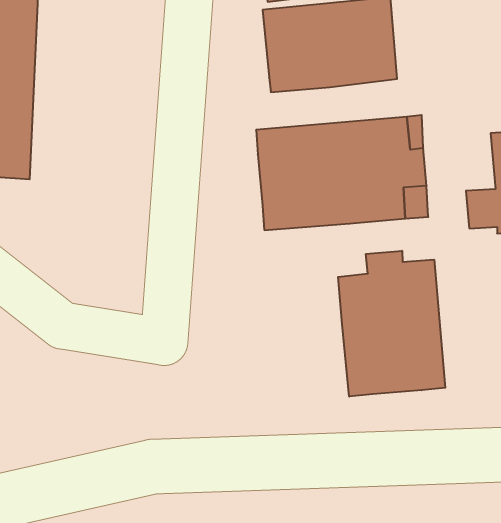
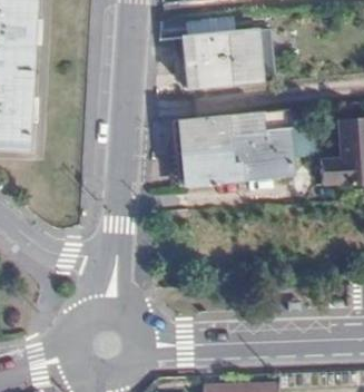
building: [338,251,445,397] -> none

